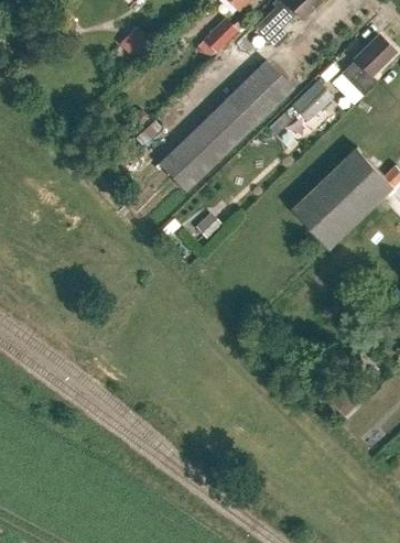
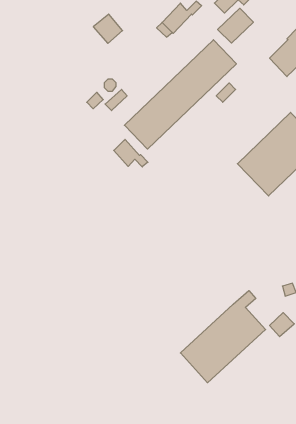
building: [292,79,335,121] -> [218,8,253,43]
building: none -> [114,139,148,167]
building: none -> [180,291,266,383]

